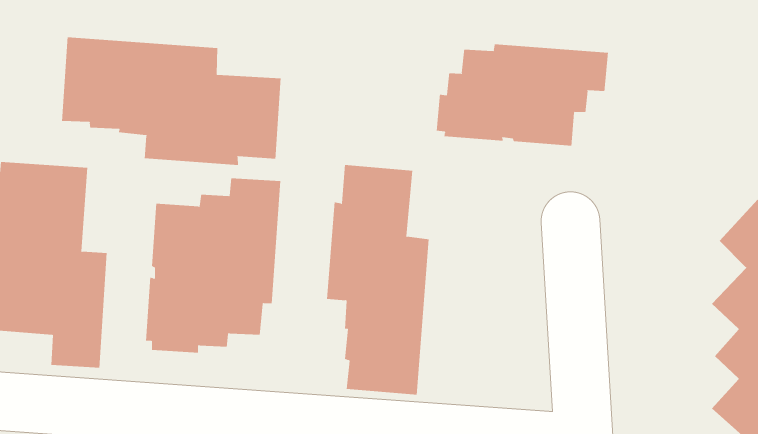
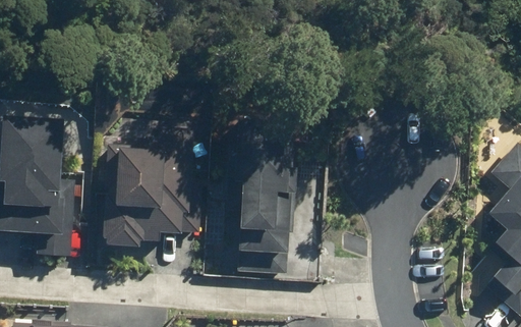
building: [62,36,281,166] -> none
building: [436,44,608,146] -> none

